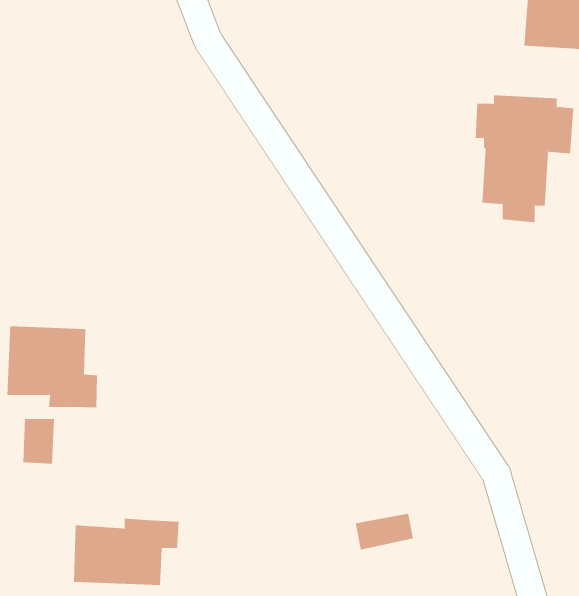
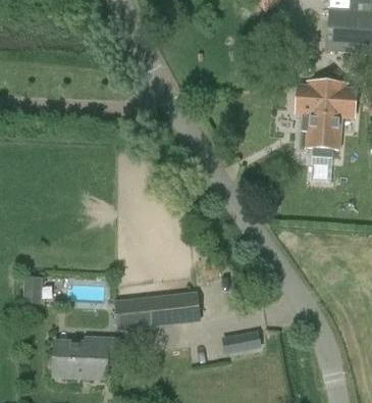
building: [7,326,98,408] -> none
building: none -> [114,291,201,331]

